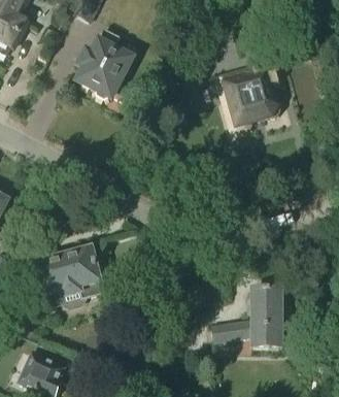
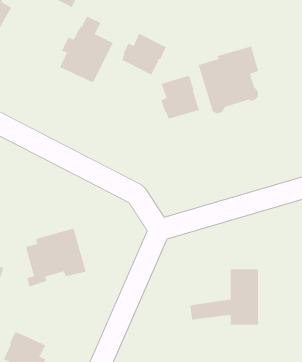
building: none -> [121,33,166,76]
building: none -> [161,75,199,119]

